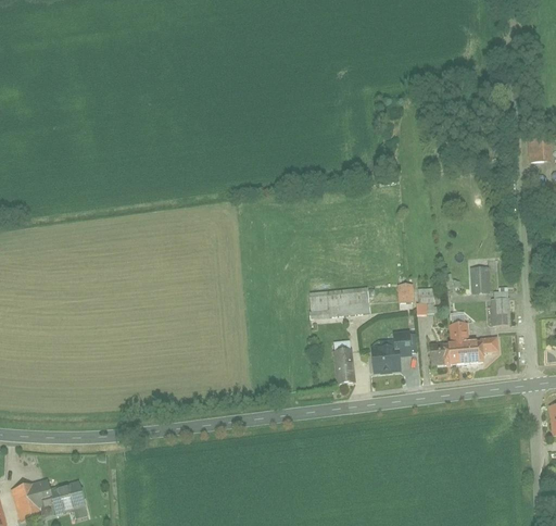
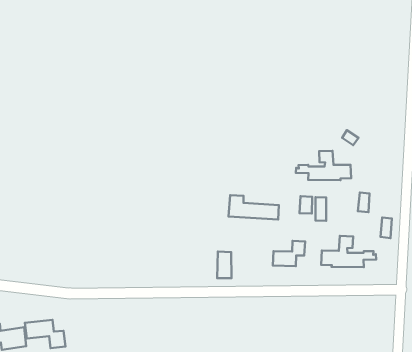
building: none -> [296,151,351,180]
building: [334,348,355,381] -> [217,251,232,278]
building: none -> [25,320,65,348]

